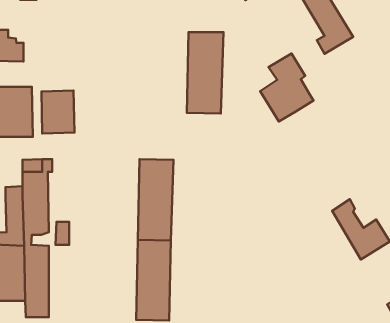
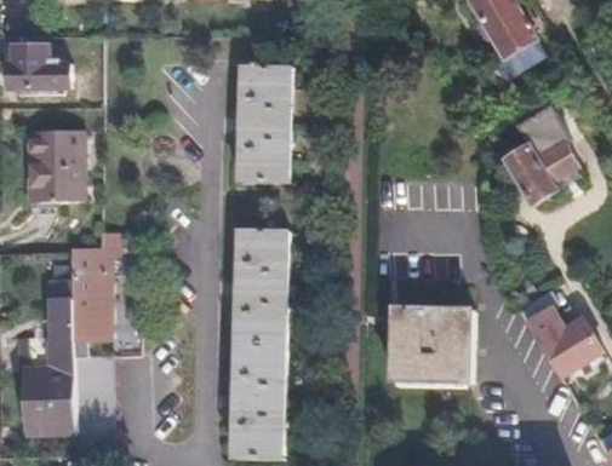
building: [187,32,223,114] -> [238,67,290,183]
building: [260,54,314,122] -> [503,107,579,203]
building: [41,91,74,134] -> none
building: none -> [390,309,473,384]

